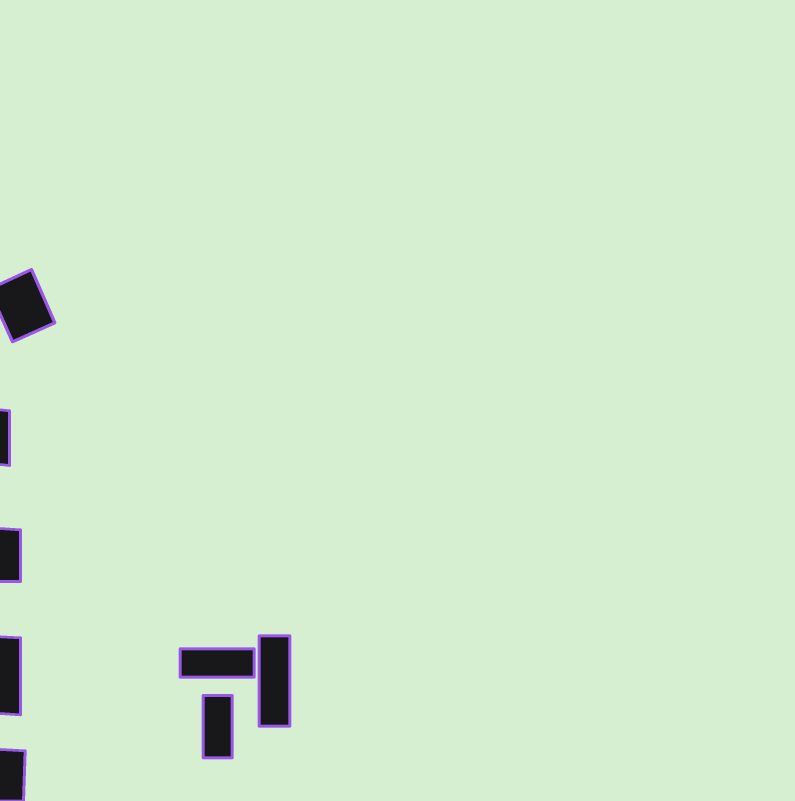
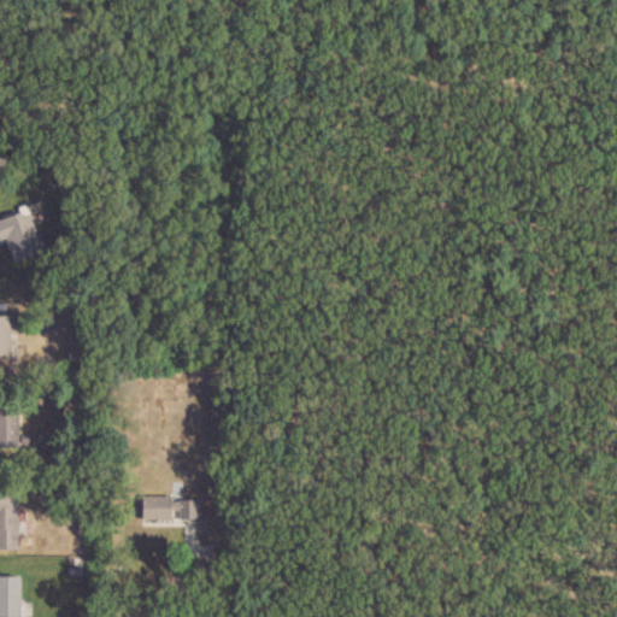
building: [259,636,290,726] -> none
building: [203,696,232,758] -> none

